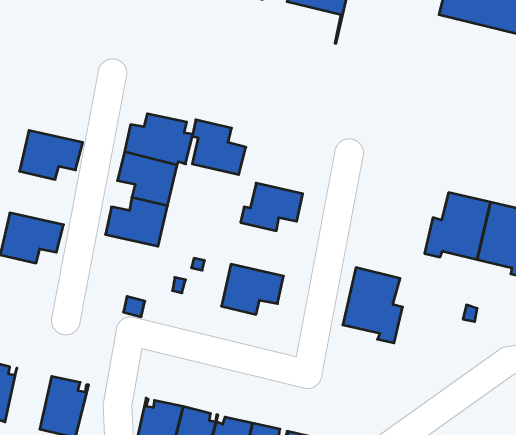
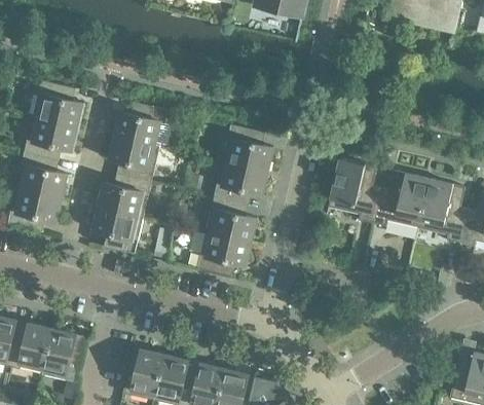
building: none -> [32,80,83,126]
building: [192,120,246,175] -> [227,123,273,171]
building: none -> [15,151,67,197]
building: none -> [206,195,257,242]
building: none -> [91,206,143,253]
building: [343,268,403,343] -> [328,157,379,222]
building: none -> [11,321,51,369]

